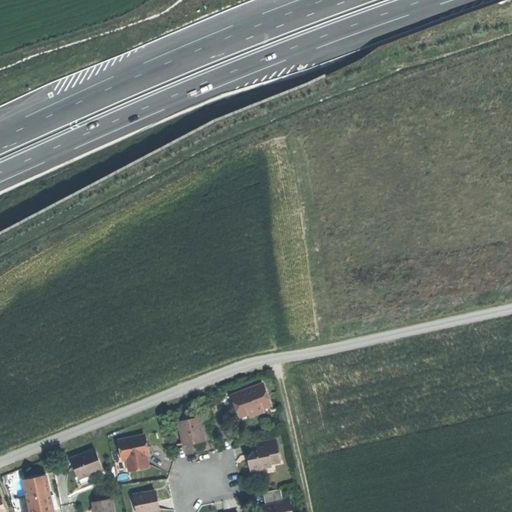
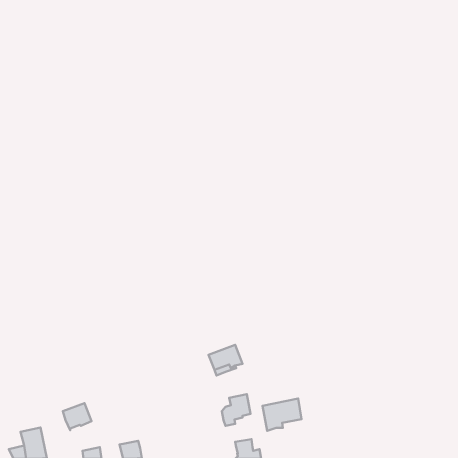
building: [178,418,204,446] -> none
building: [119,436,147,470] -> none
building: none -> [262,399,301,431]

